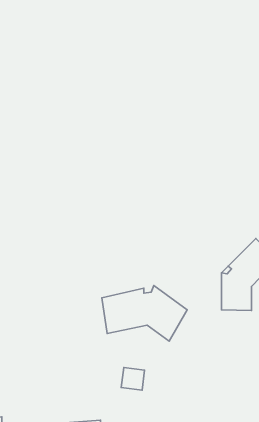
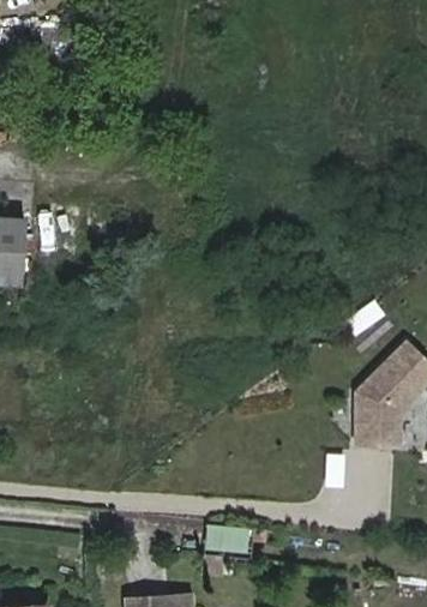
building: [102,286,187,341] -> none

